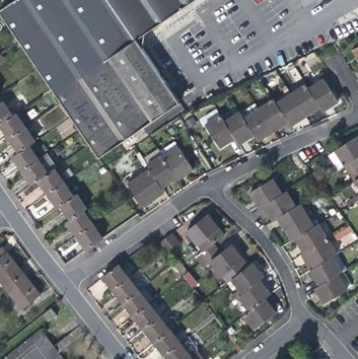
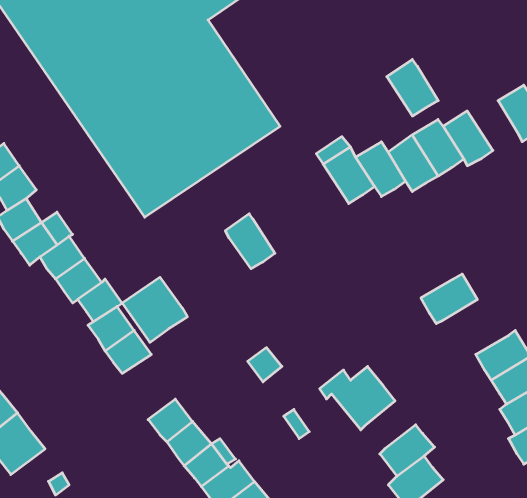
building: [289,84,319,118] -> [387,59,438,116]
building: [162,148,192,181] -> none
building: [126,169,164,208] -> [122,277,187,342]
building: [248,178,281,208] -> none
building: [275,204,313,241] -> none
building: [186,214,223,259] -> none
building: [229,263,263,294] -> none

